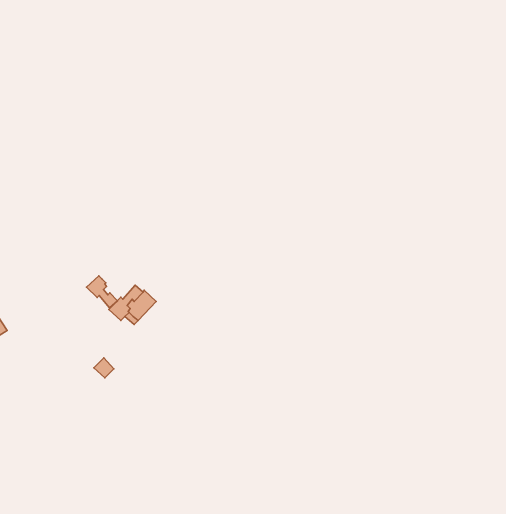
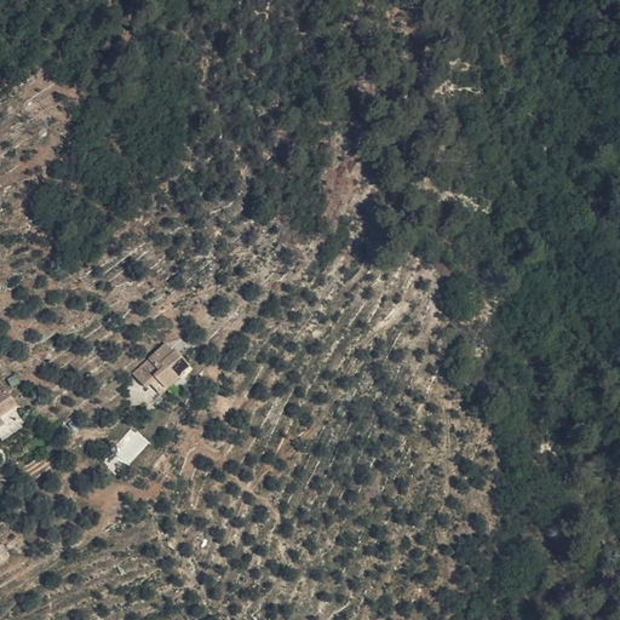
building: [87,276,118,308] -> none

